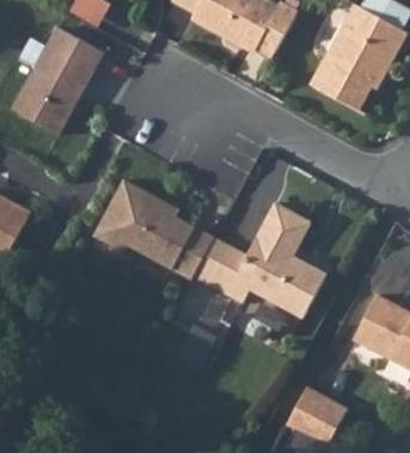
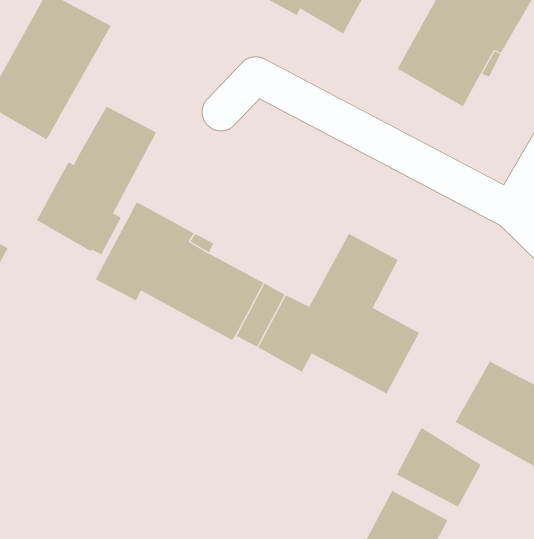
building: none -> [36,106,157,255]
building: none -> [396,427,482,508]

